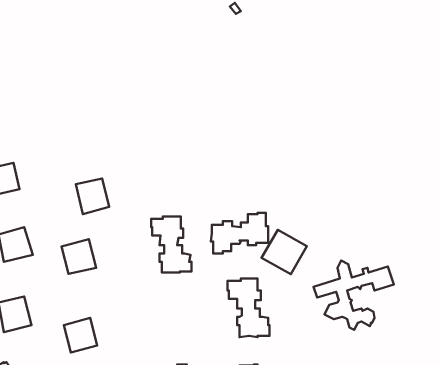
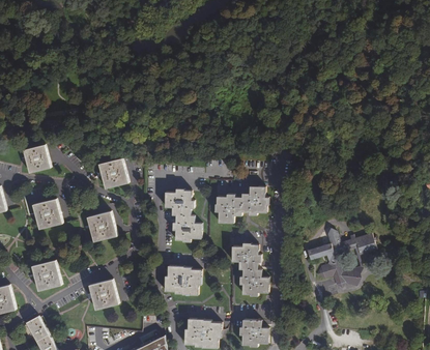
building: [262,230,307,274] -> none
building: none -> [163,265,200,294]

